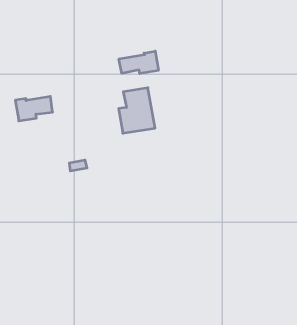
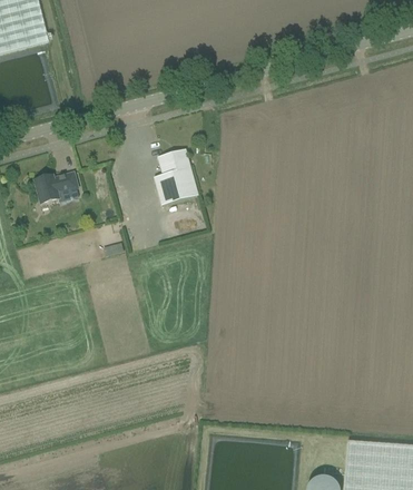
building: [119,51,158,74] -> none

